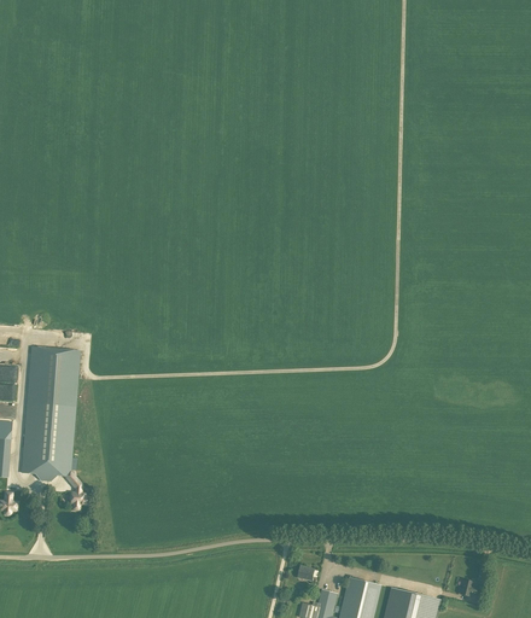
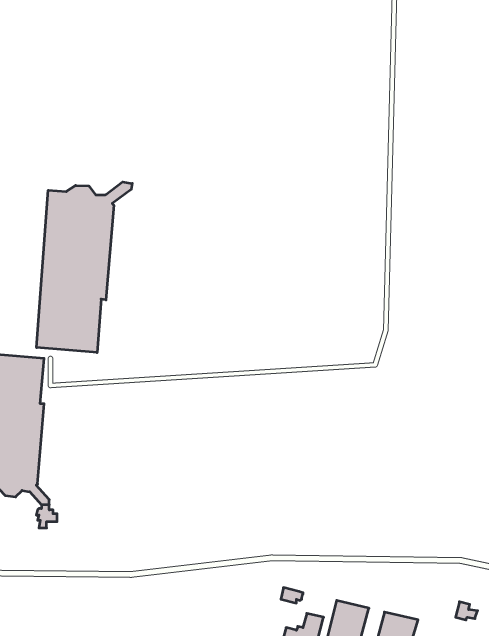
building: none -> [37,182,132,353]

